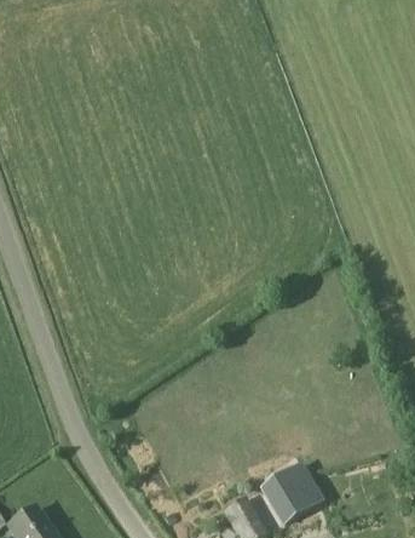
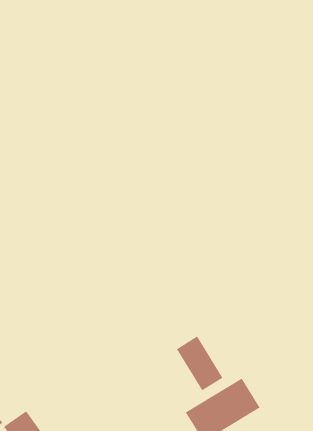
building: none -> [176,335,223,391]

